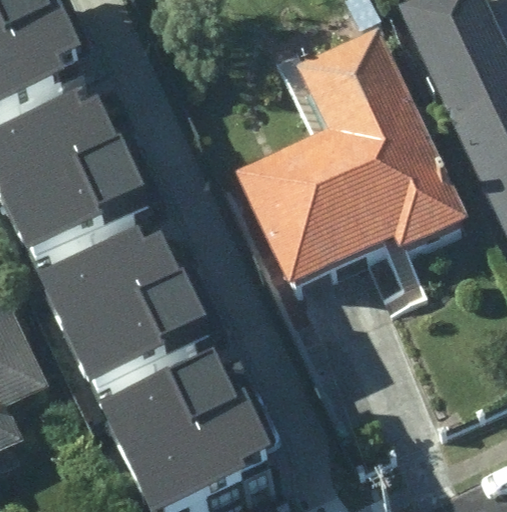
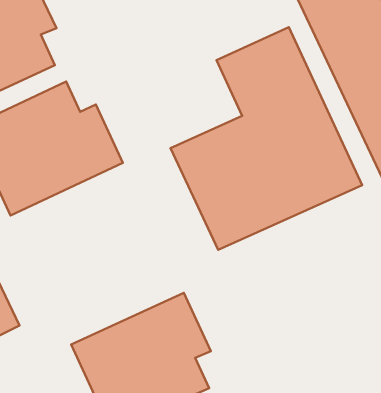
building: [47,236,235,398] -> none

